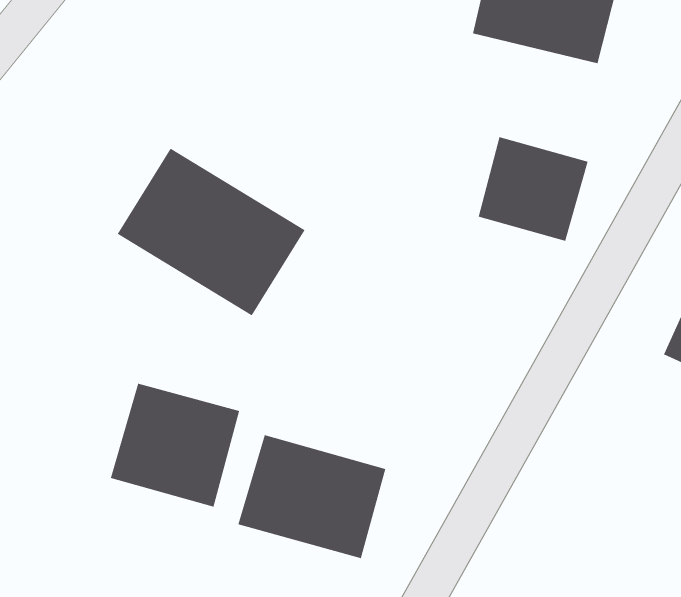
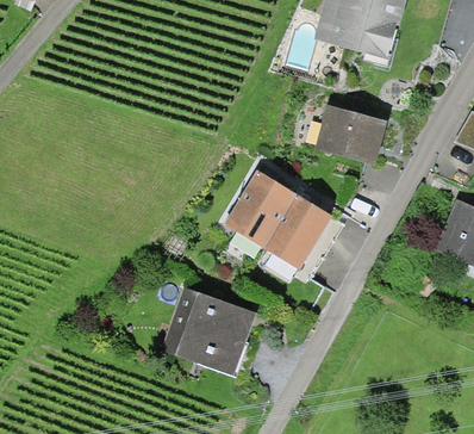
building: [117,148,306,316] -> [220,168,338,273]
building: [110,383,240,507] -> none

